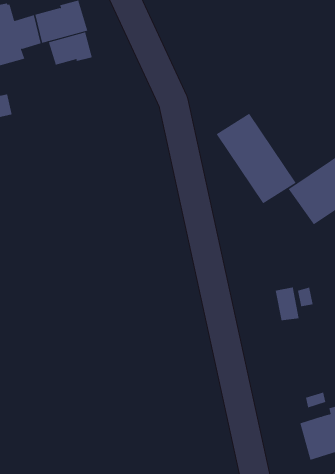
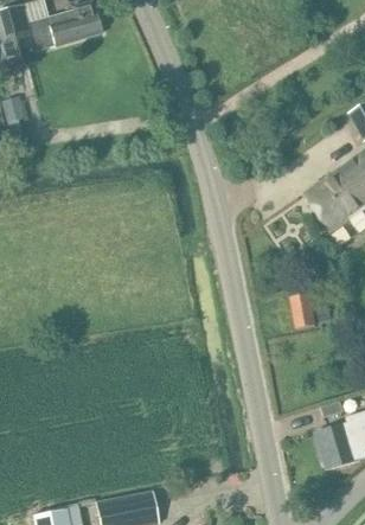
building: [48,32,92,65] -> none
building: [216,113,297,204] -> none

